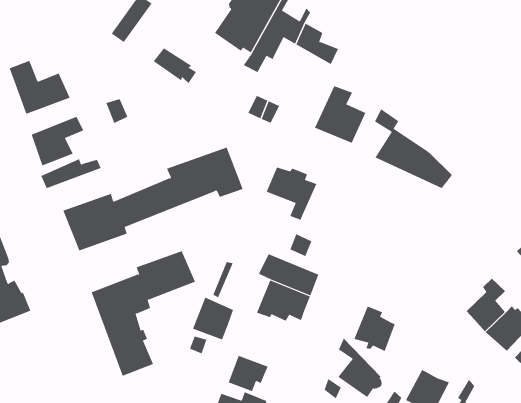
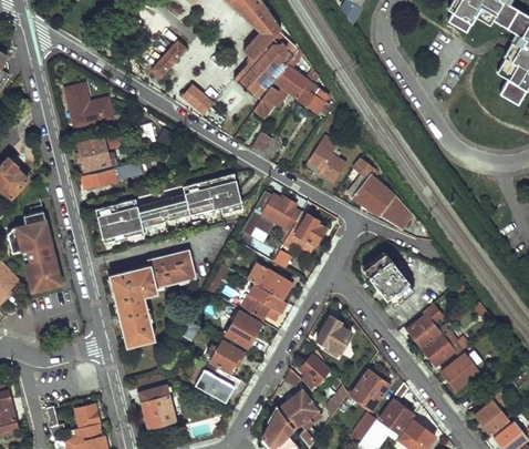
building: none -> [287,212,323,248]
building: none -> [360,255,409,306]
building: [192,297,234,340] -> [225,312,260,348]

